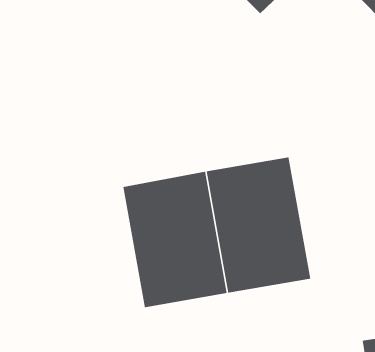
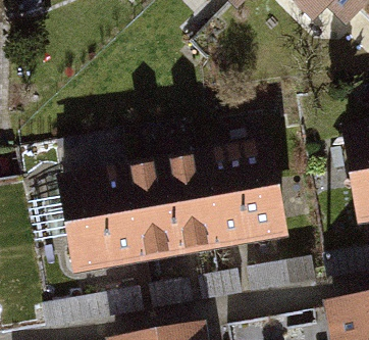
building: none -> [57,167,146,282]

